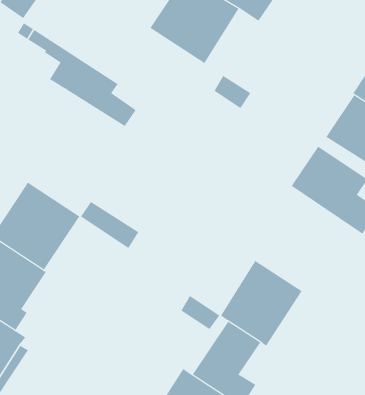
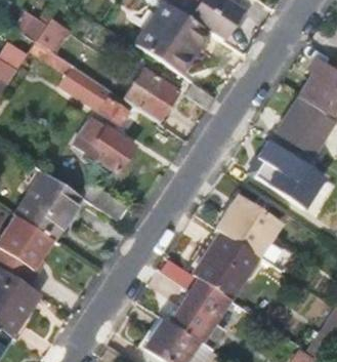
building: none -> [126,68,180,122]
building: none -> [75,121,136,172]
building: none -> [216,195,280,255]

